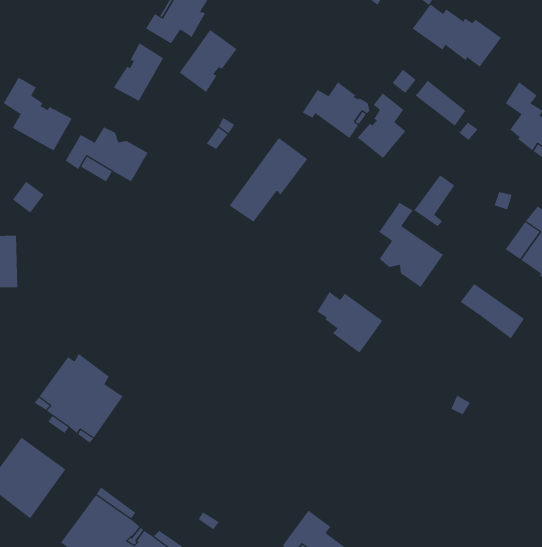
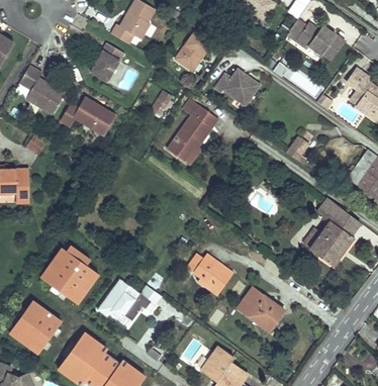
building: [179,29,238,93] -> [174,29,212,71]
building: [357,92,406,159] -> none
building: [379,202,444,288] -> none
building: [317,291,383,353] -> [188,253,231,293]
building: none -> [310,220,354,266]
building: none -> [96,278,161,320]
building: none -> [237,286,284,330]

